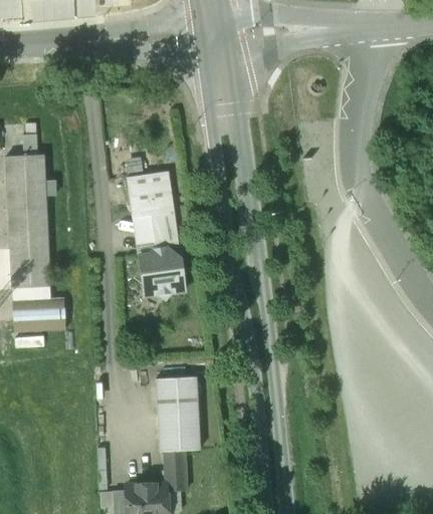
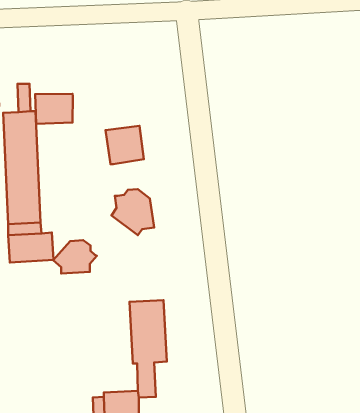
building: none -> [35,94,73,124]
building: [136,211,179,257] -> none
building: none -> [53,240,97,274]

